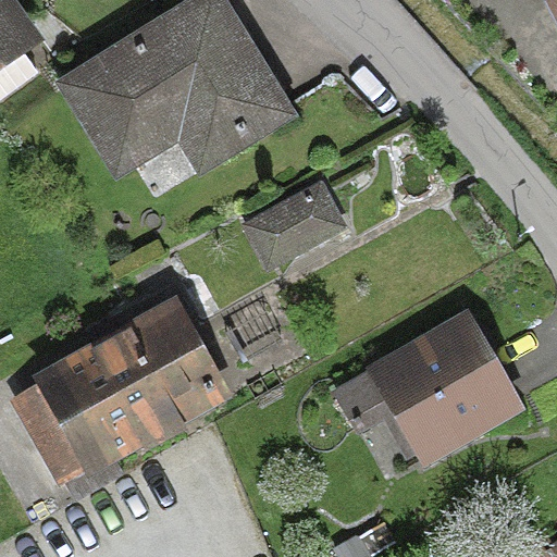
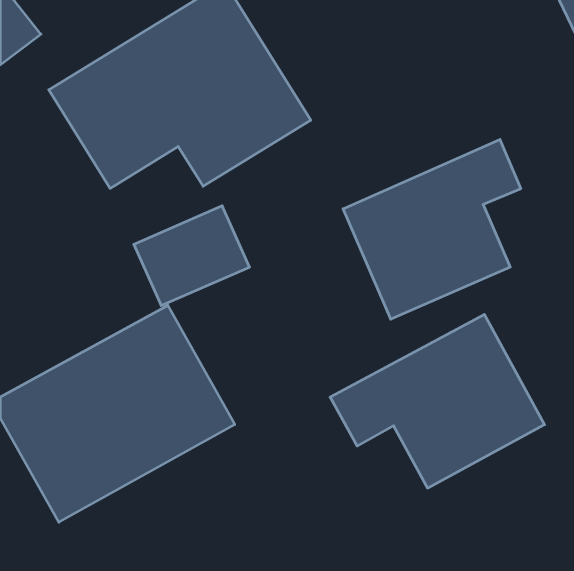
building: none -> [343,139,521,319]
building: [236,181,347,276] -> [134,206,250,306]

